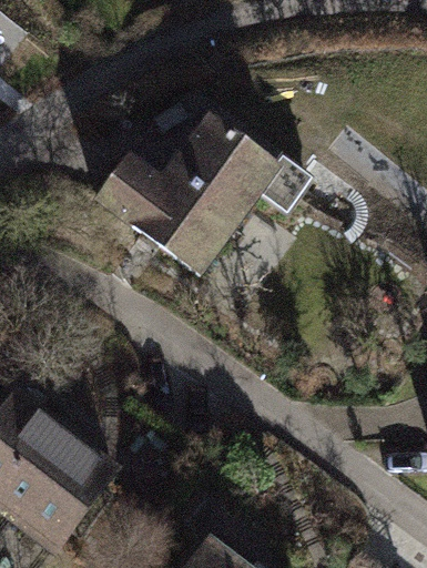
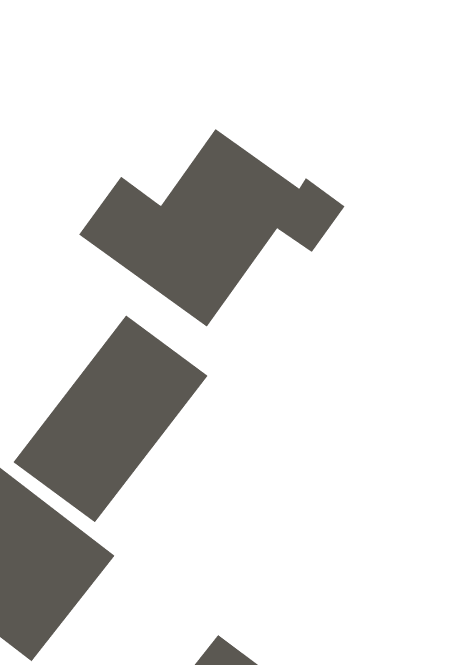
building: none -> [12,315,208,523]

